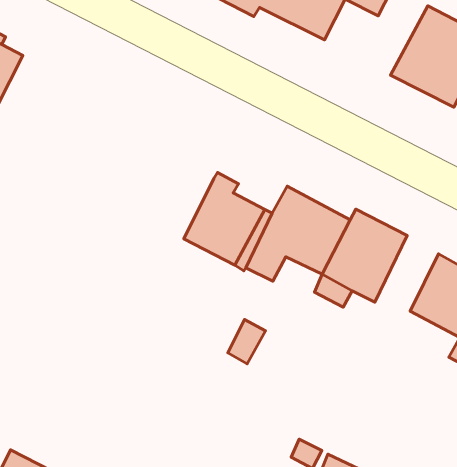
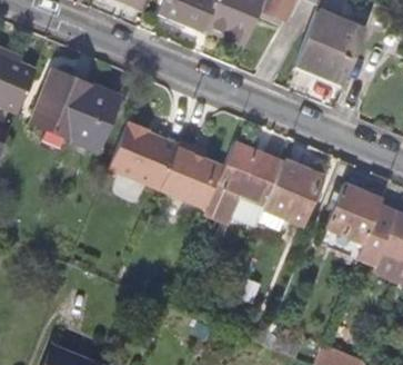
building: none -> [32,72,120,152]
building: none -> [112,121,180,190]

